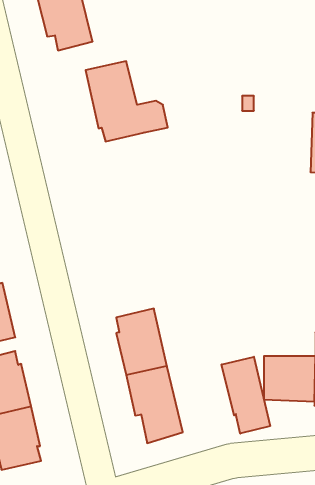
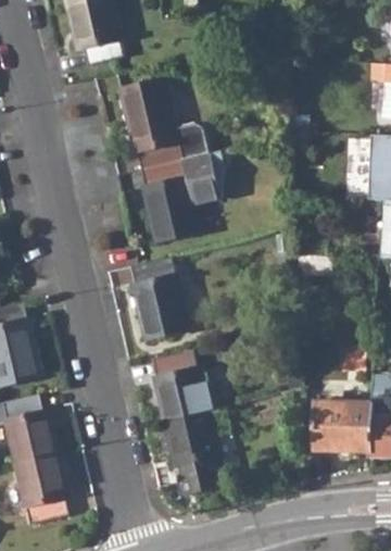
building: none -> [140,147,225,245]
building: none -> [130,258,189,342]
building: [222,357,270,434] -> none

